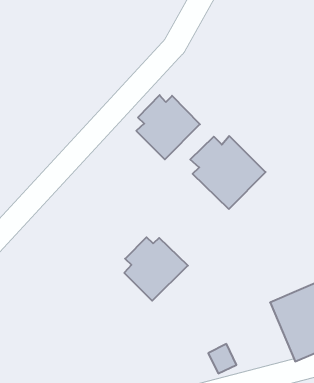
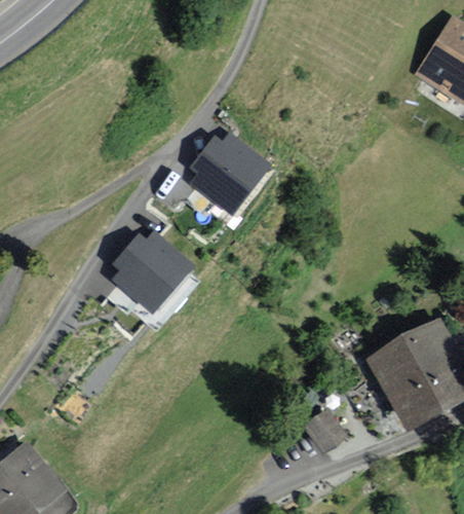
building: [190,136,266,209] -> none
building: [124,237,188,301] -> [115,234,188,307]

